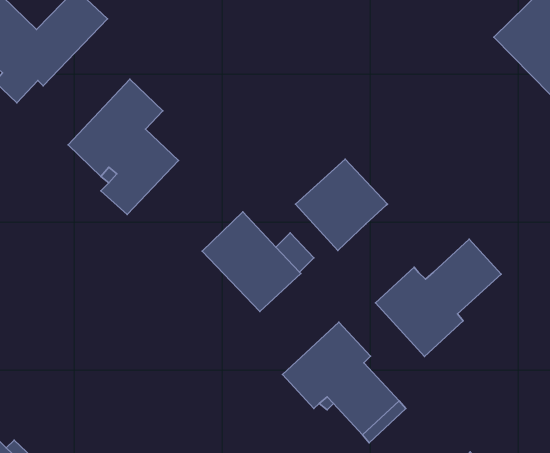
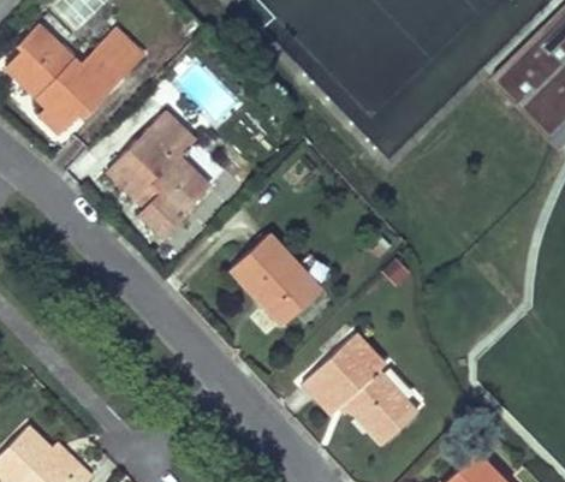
building: [295,159,387,250] -> none
building: [375,239,501,356] -> none

